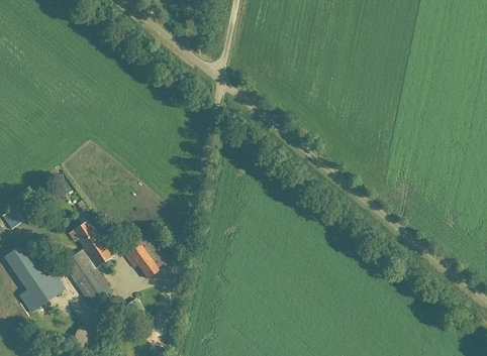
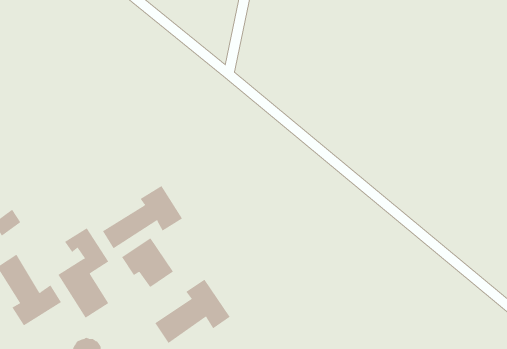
building: none -> [102,185,183,249]
building: none -> [154,279,230,344]

